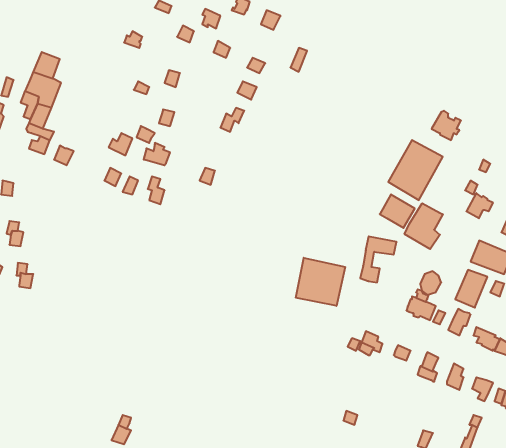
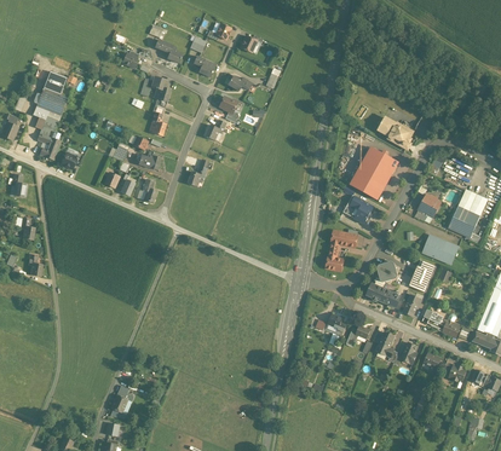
building: [405,203,443,249] -> none
building: [296,258,345,306] -> none

